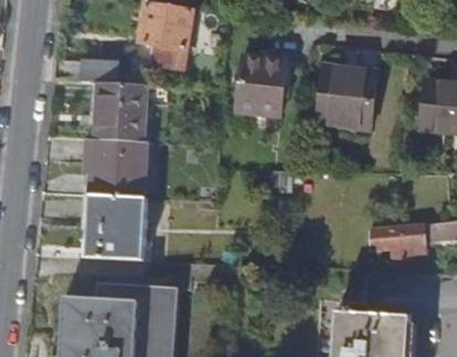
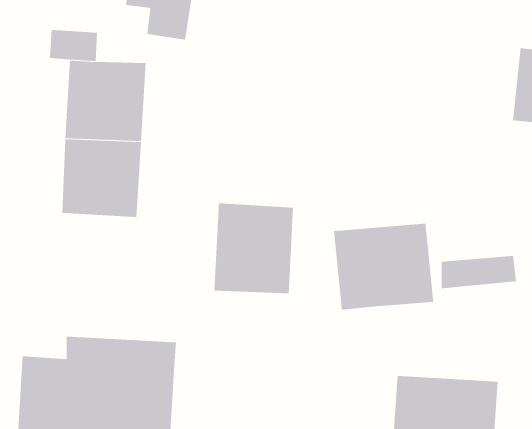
building: [237,55,287,114] -> none
building: [318,64,376,134] -> none
building: [87,194,146,261] -> [214,203,294,294]
building: none -> [334,223,434,310]

